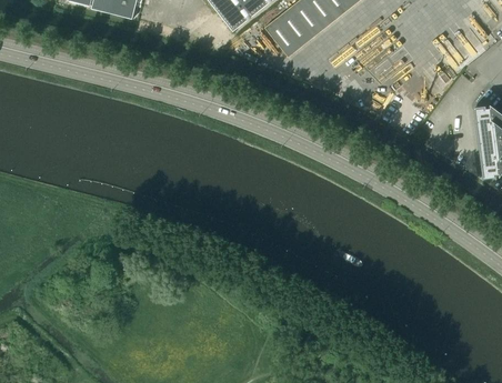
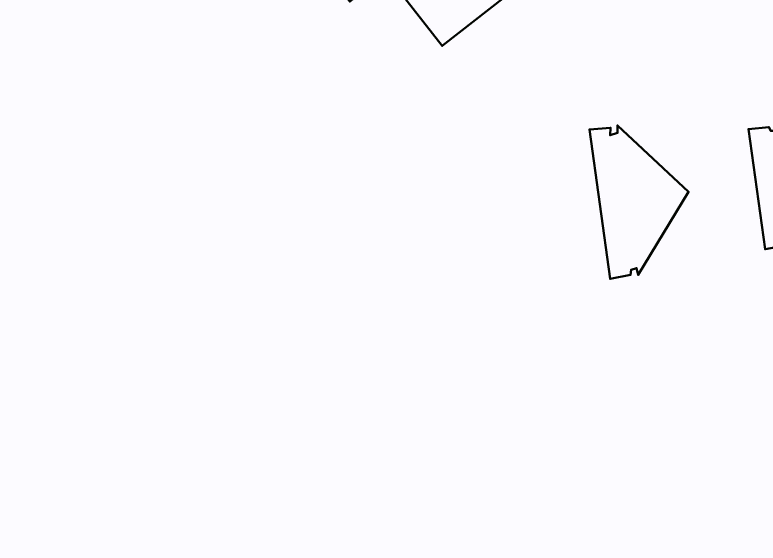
building: none -> [590,126,688,279]

